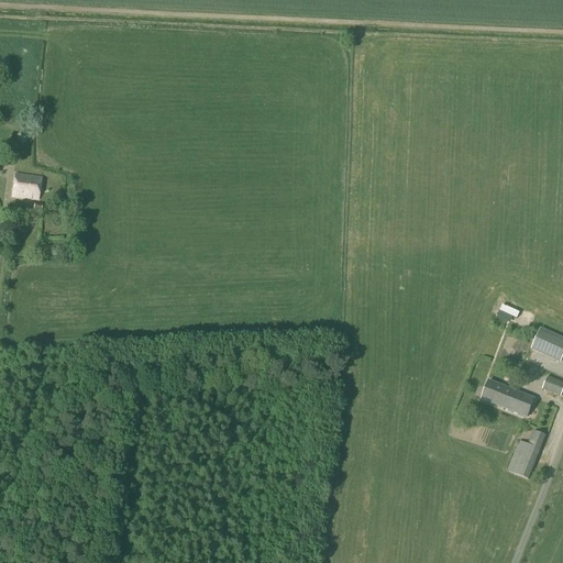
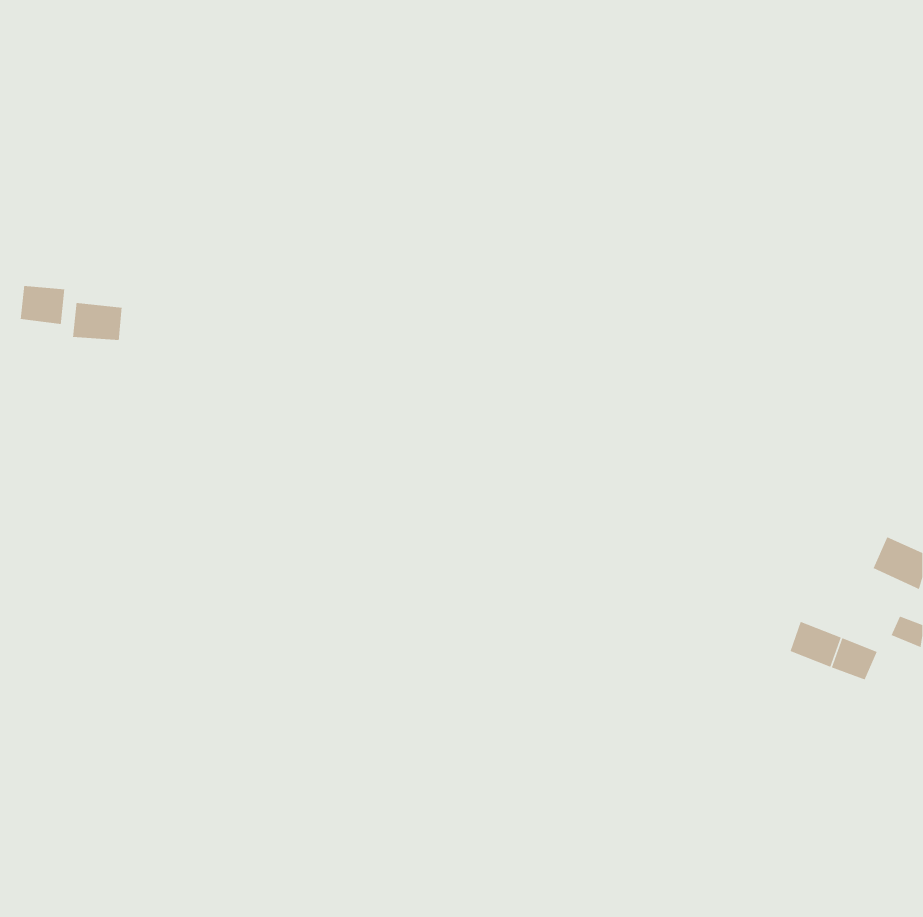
building: none -> [72,302,123,341]
building: [507,429,545,477] -> none

